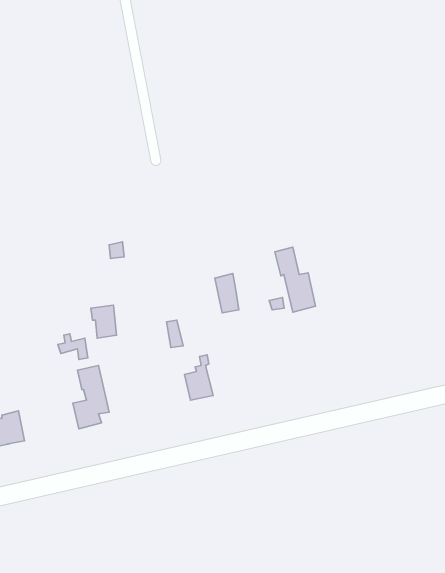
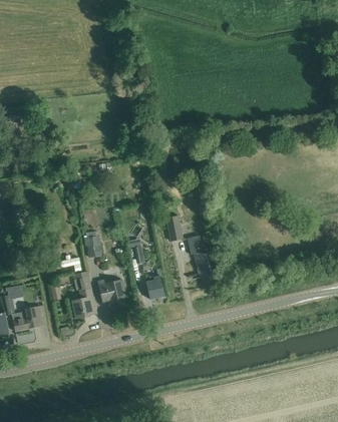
building: [275,247,316,312] -> [188,235,215,278]
building: none -> [97,279,126,303]

